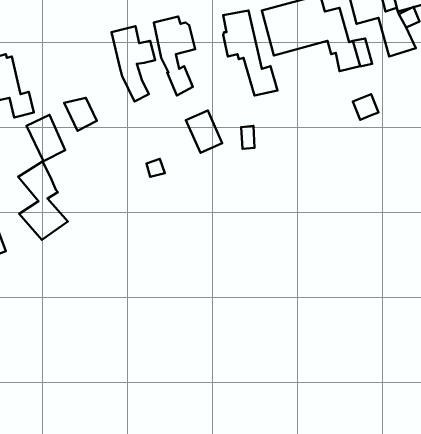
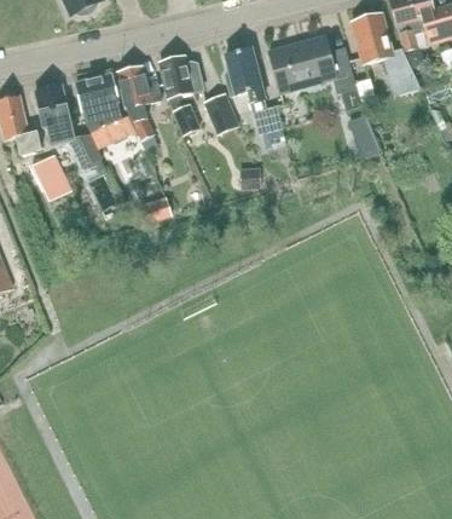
building: none -> [75,73,121,133]
building: none -> [35,86,73,144]
building: [186,110,222,153] -> [203,92,239,134]
building: [18,162,68,240] -> none

